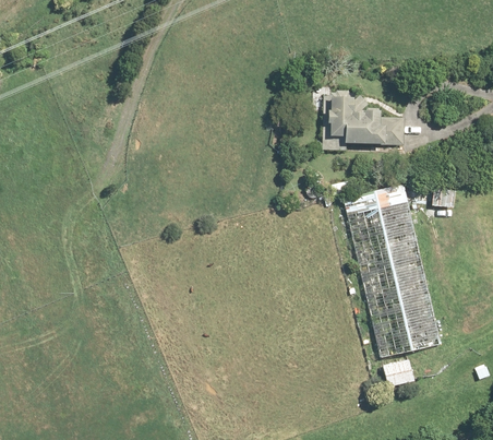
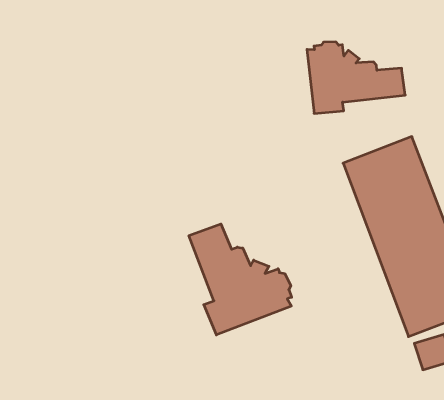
building: none -> [189,224,292,335]

